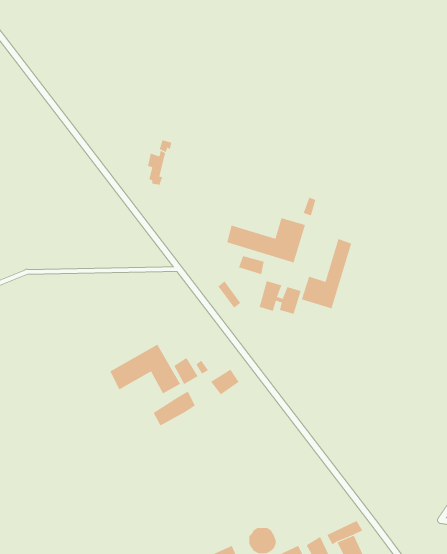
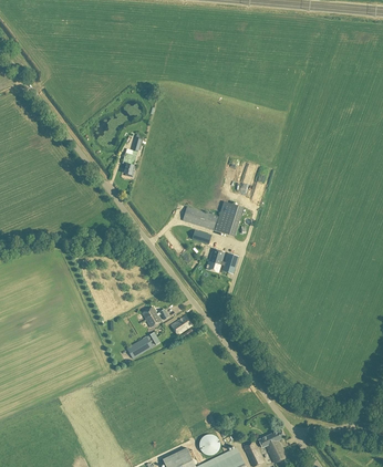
building: [301,238,352,309] -> none
building: [109,344,181,394] -> none

